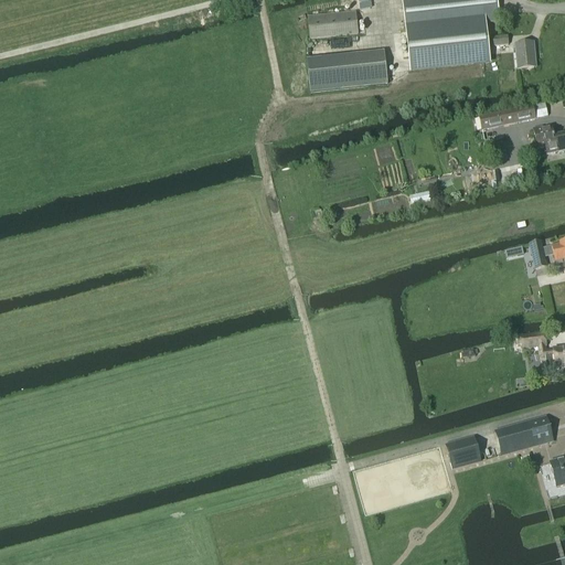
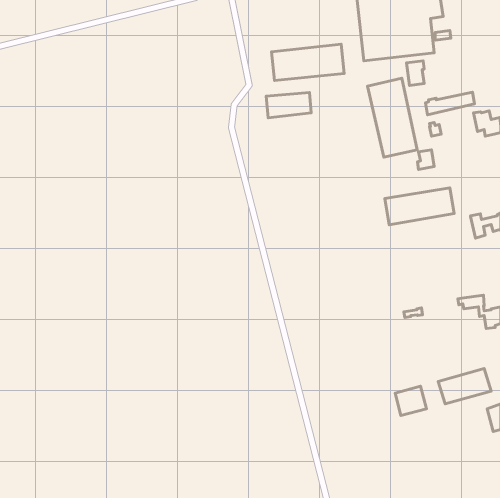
building: [308,10,359,39] -> [266,92,311,118]
building: [515,41,535,68] -> [407,61,424,86]
building: none -> [368,78,417,157]
building: none -> [385,188,454,225]

